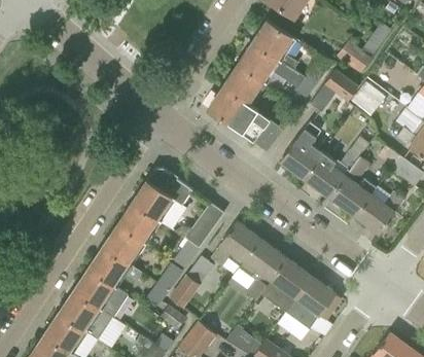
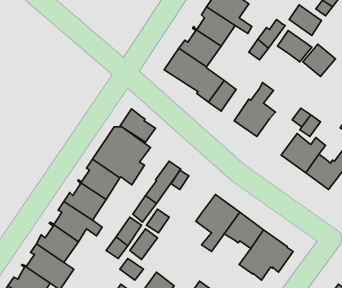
building: none -> [120,109,156,142]
building: [303,153,345,199] -> none
building: [209,222,259,267] -> none

